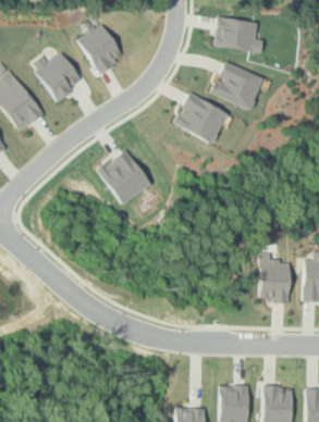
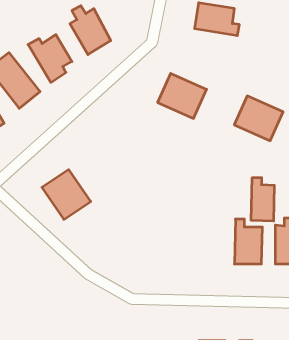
building: [211,61,265,110] -> [234,96,283,141]
building: [98,150,151,204] -> [42,170,91,219]
building: none -> [251,178,274,221]

